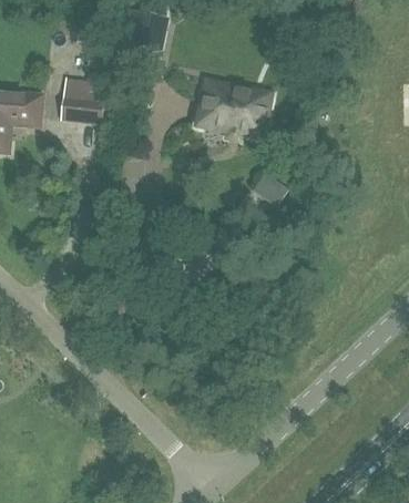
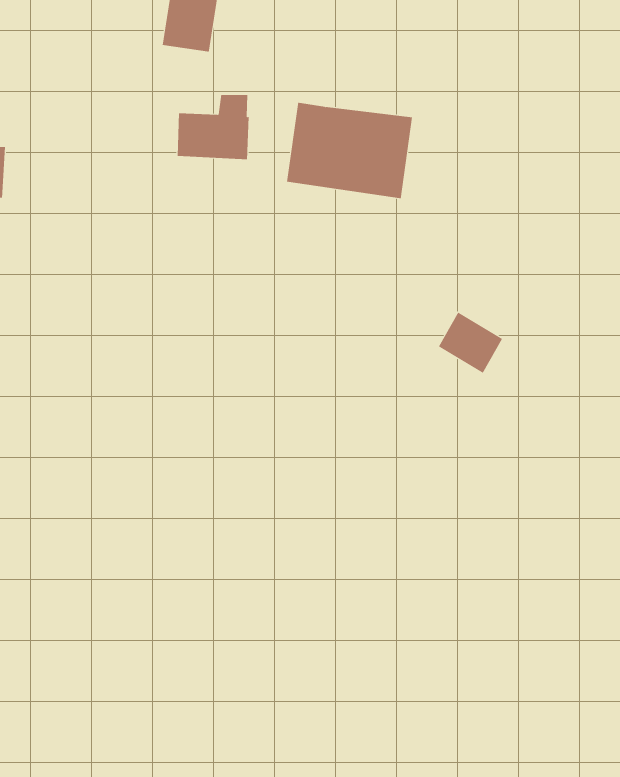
building: [60,86,102,124] -> [177,95,249,160]
building: [252,168,288,204] -> [438,312,503,374]

